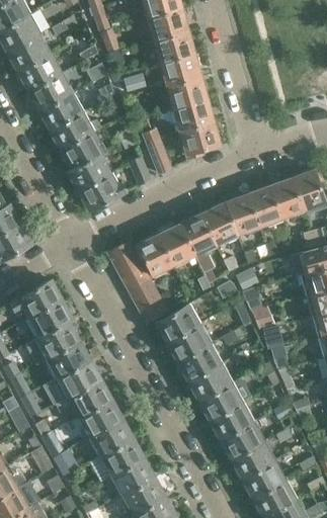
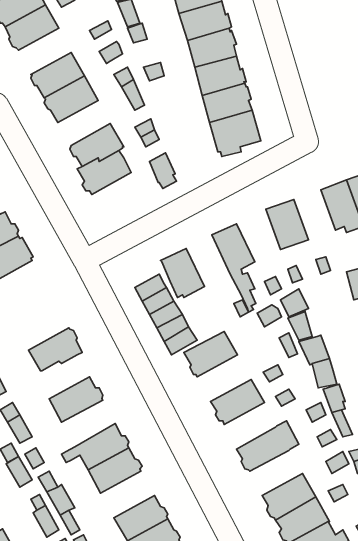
building: [18,53,63,91] -> none
building: [51,112,100,150] -> none
building: [141,128,170,173] -> none
building: [79,172,127,209] -> none
building: [247,186,281,228] -> none
building: [199,202,236,246] -> none
building: [158,224,194,266] -> none
building: [107,241,145,267] -> none
building: [10,280,62,319] -> none
building: [25,323,79,364] -> none
building: [167,323,212,361] -> none
building: [55,360,100,399] -> none
building: [189,362,233,401] -> none
building: [211,401,254,439] -> none
building: [87,419,132,457] -> none

